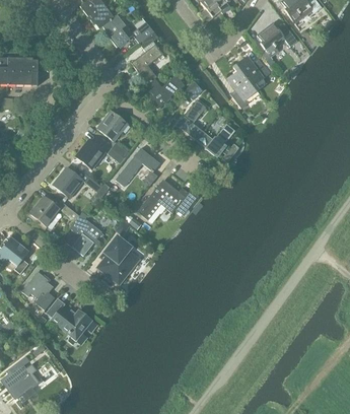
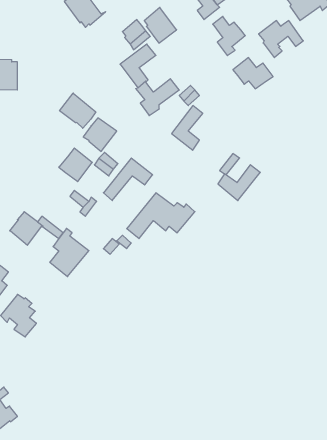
building: [103,14,133,47] -> [144,7,177,43]
building: [228,72,258,108] -> [213,16,245,56]
building: none -> [60,93,96,128]
building: [197,123,235,155] -> [218,165,260,201]
building: [53,166,83,197] -> none
building: [98,236,138,283] -> none
building: [46,297,92,340] -> none

